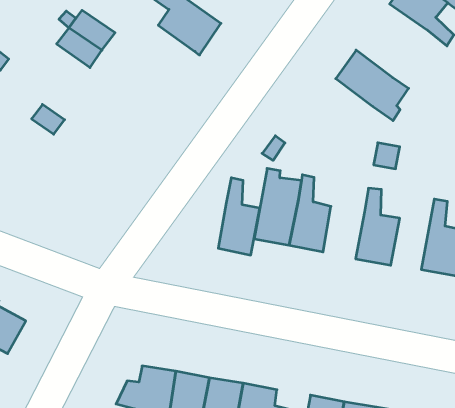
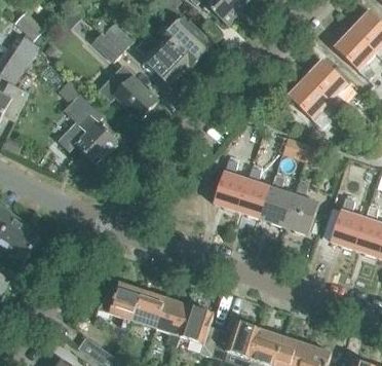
building: none -> [146,31,189,81]
building: none -> [305,59,354,113]
building: none -> [100,65,157,119]
building: none -> [75,112,117,162]
building: [218,178,260,255] -> [261,170,295,227]

